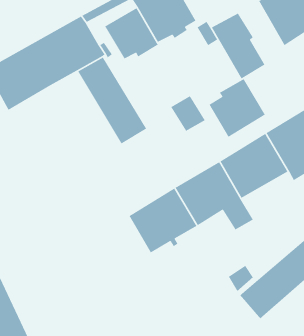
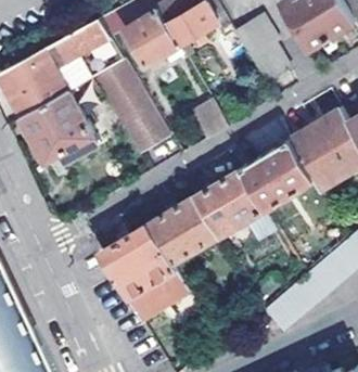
building: [209,78,266,138] -> none
building: none -> [22,91,105,168]
building: none -> [99,226,187,321]

